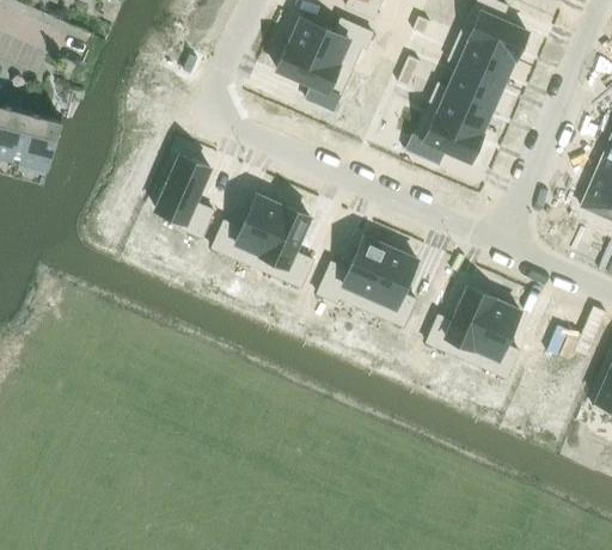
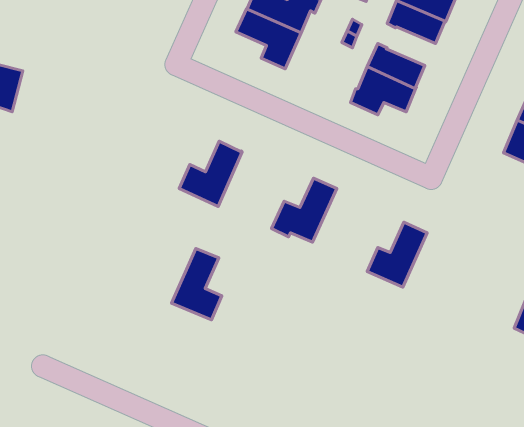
building: [448,62,504,106] -> none
building: [23,112,62,166] -> none
building: [154,153,215,237] -> none
building: [257,204,314,286] -> [172,248,222,320]
building: [365,246,418,325] -> none
building: [467,297,521,377] -> none

